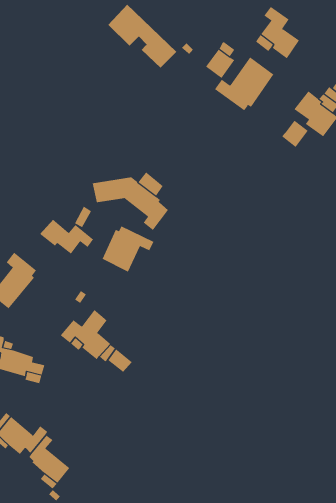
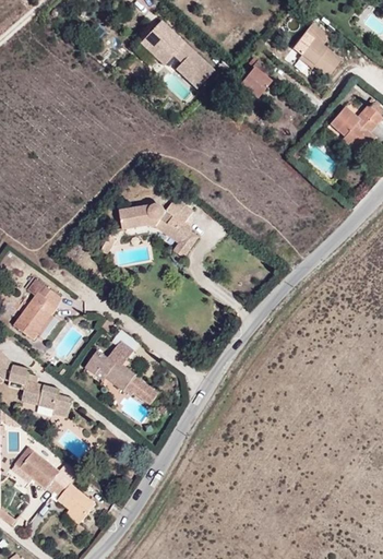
building: [214,57,274,111] -> none
building: [281,120,309,148] -> none
building: [39,219,94,255] -> none
building: [102,226,154,272] -> none

